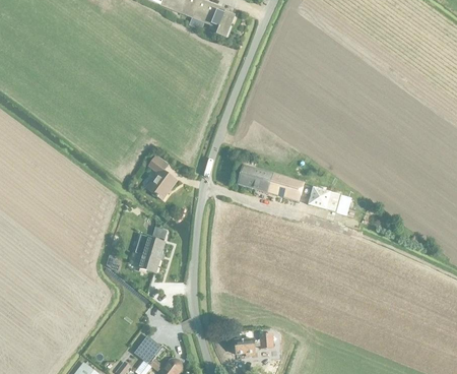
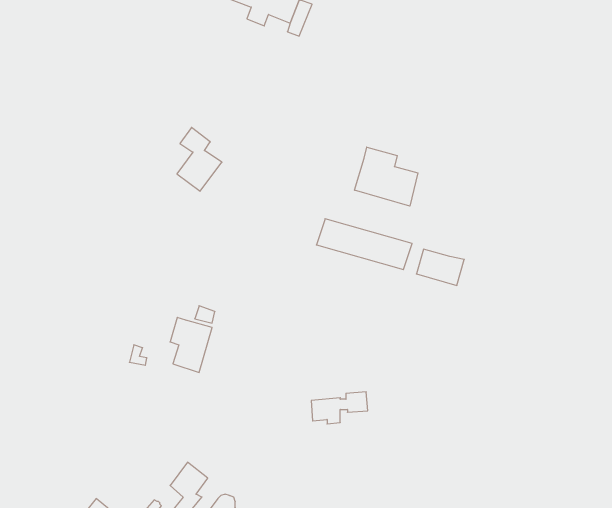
building: none -> [355,147,418,206]
building: [145,154,177,199] -> [177,127,222,191]
building: [235,333,274,356] -> [311,392,368,424]

